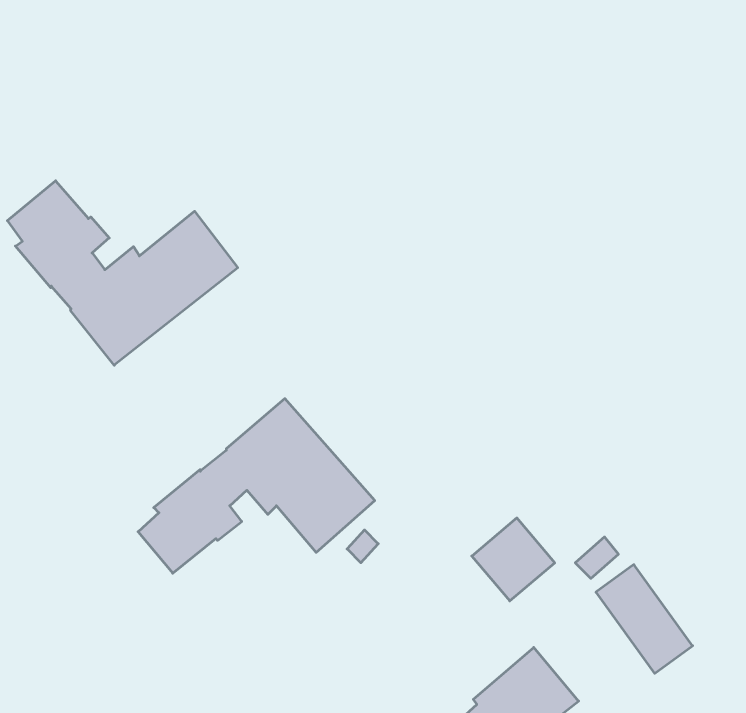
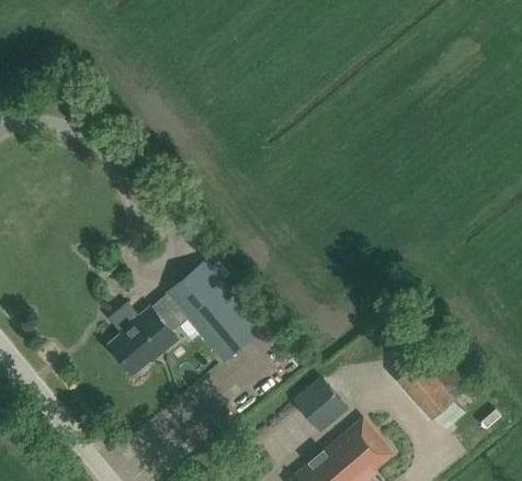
building: [7,181,238,365] -> none
building: [472,518,555,601] -> [294,378,347,430]

